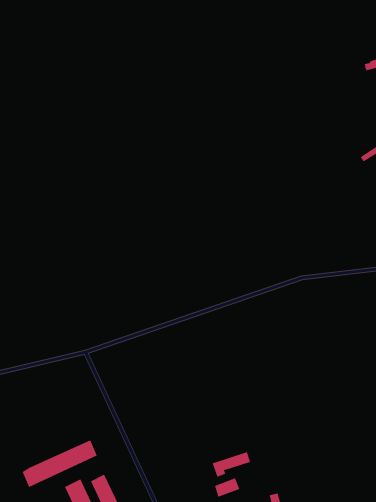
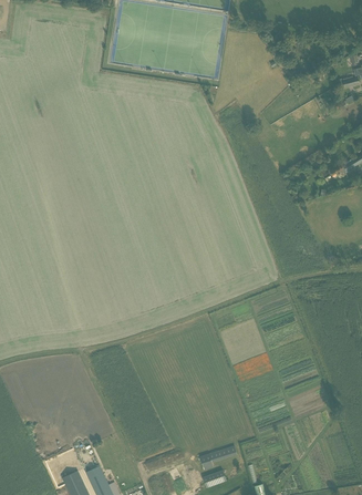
building: [22,439,98,488] -> none

